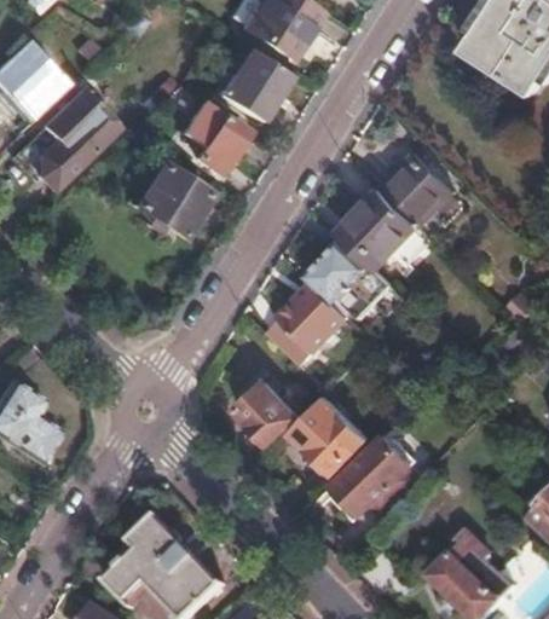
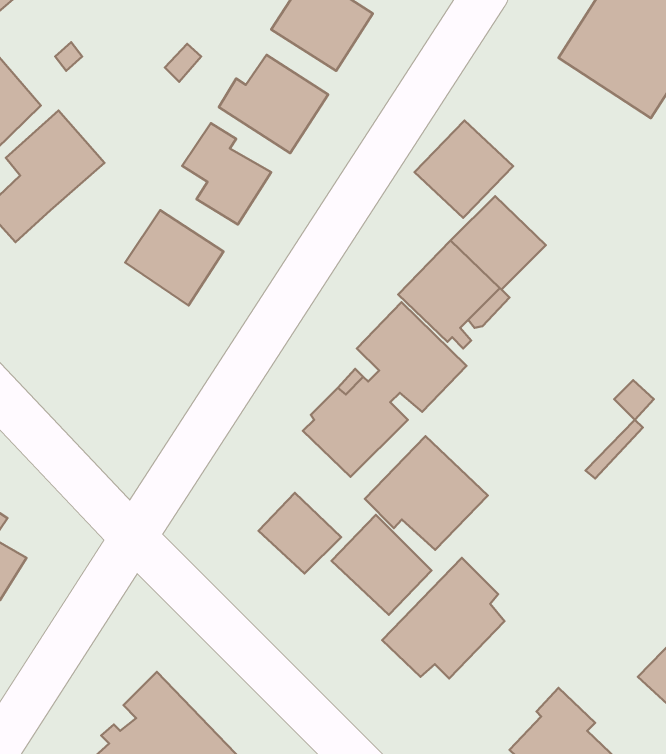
building: none -> [414,120,513,218]
building: none -> [365,436,488,550]

